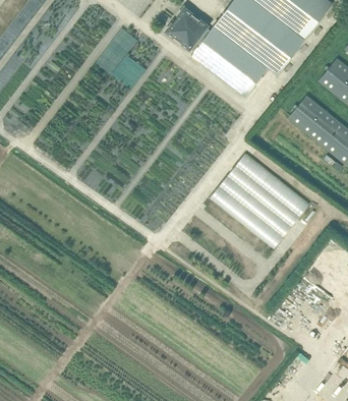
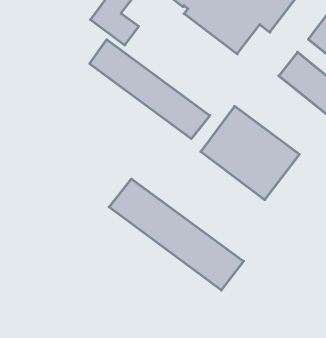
building: none -> [90,40,210,139]
building: none -> [109,179,244,290]

